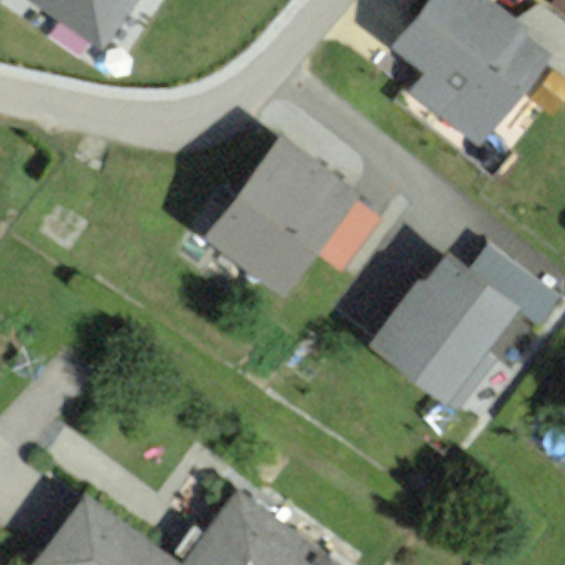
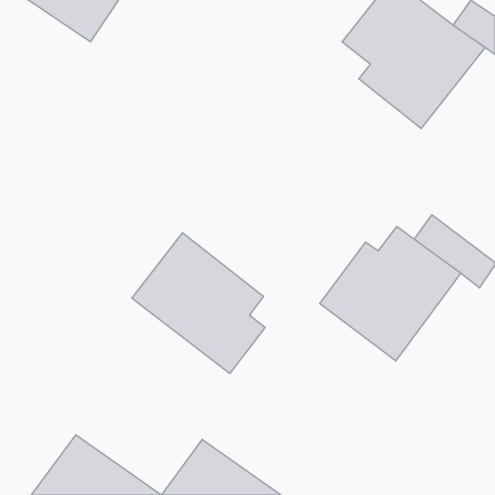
building: [205,140,385,300] -> none
building: none -> [132,233,265,373]

